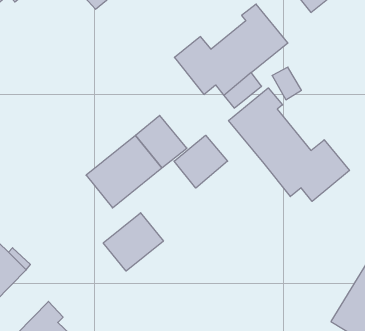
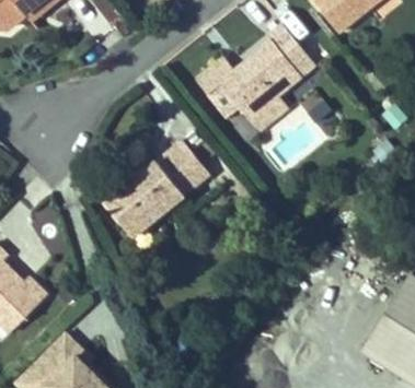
building: [229,88,349,201] -> none
building: [174,135,228,188] -> none
building: [103,213,163,271] -> none

